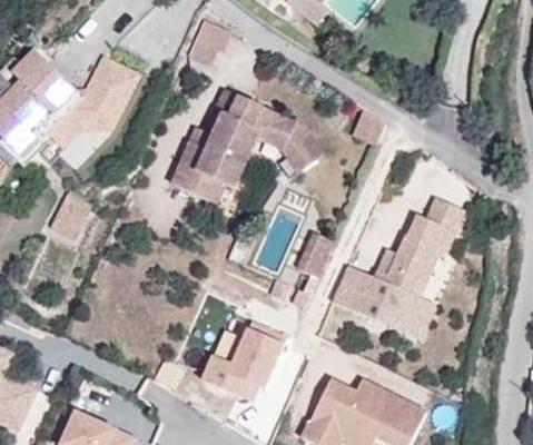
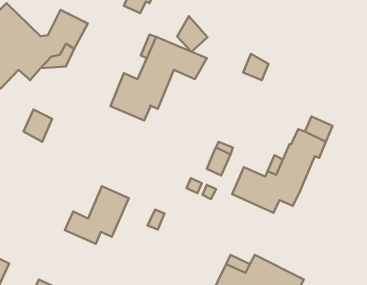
building: [282,121,322,168] -> [177,16,208,52]
building: [385,296,434,338] -> none
building: [201,320,286,396] -> [65,186,129,244]

